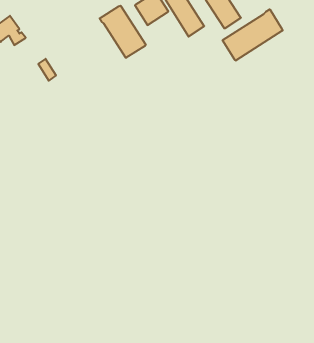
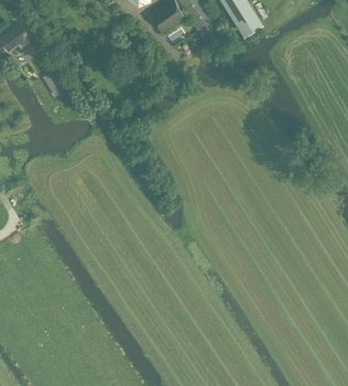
building: [100,6,146,58] -> none
building: [223,9,283,61] -> none

